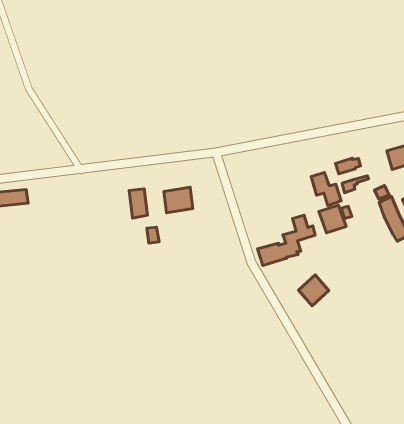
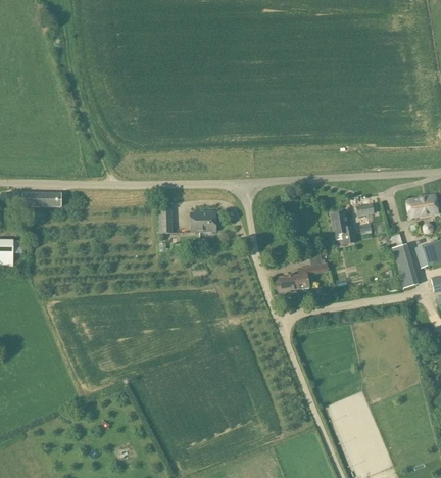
building: [319,205,346,233] -> none
building: [298,275,329,306] -> none

